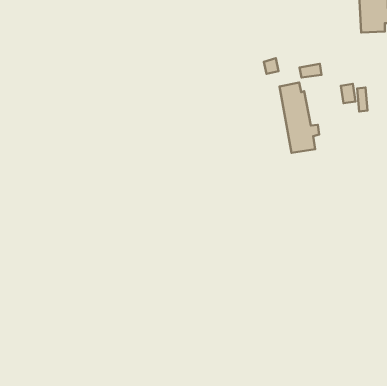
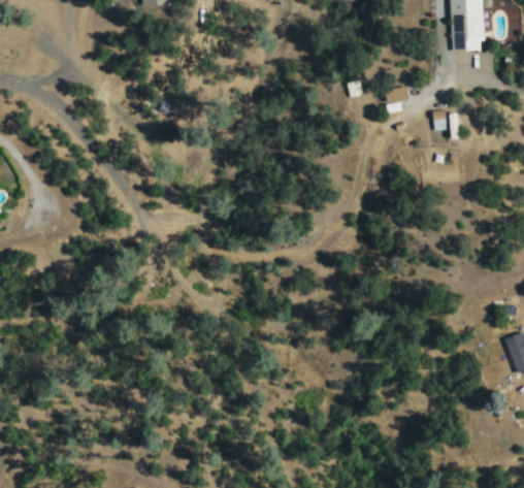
building: [279,83,319,153] -> none

